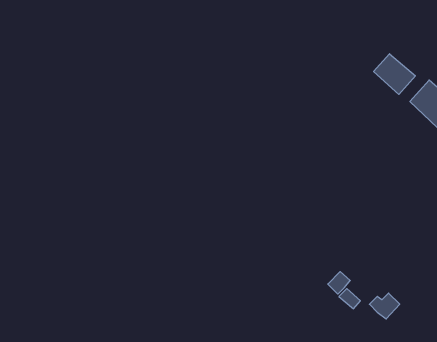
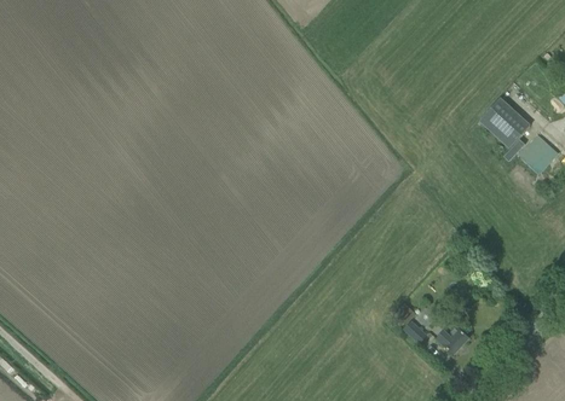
building: [374,54,415,94] -> none

